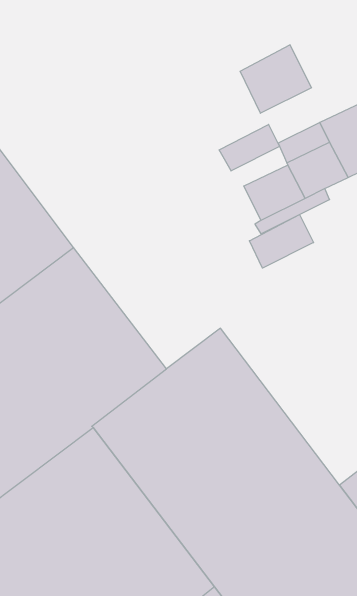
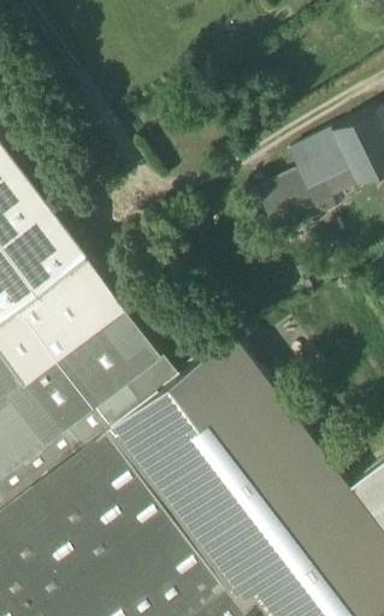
building: [240,45,311,113] -> none
building: [219,124,280,171] -> none
building: [249,215,314,268] -> none

